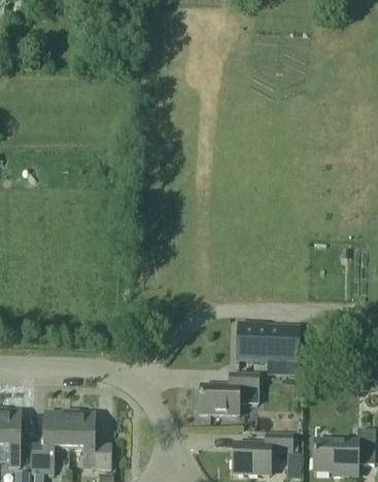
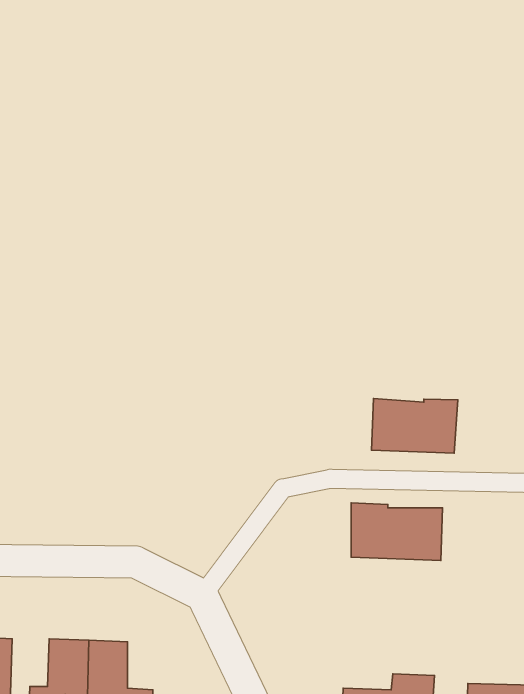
building: none -> [372,398,458,453]
building: [200,375,259,416] -> none

